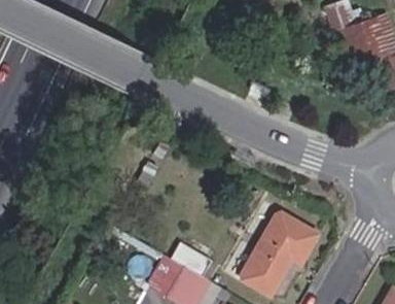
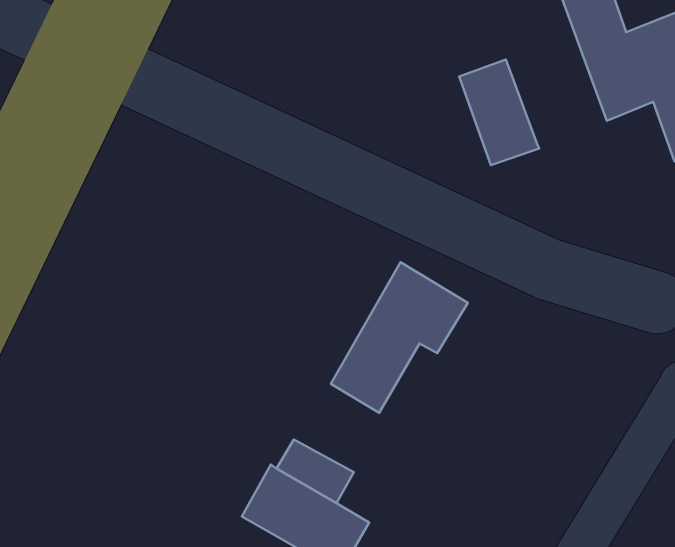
building: none -> [459,59,539,165]
building: [245,212,318,293] -> [331,262,468,413]

